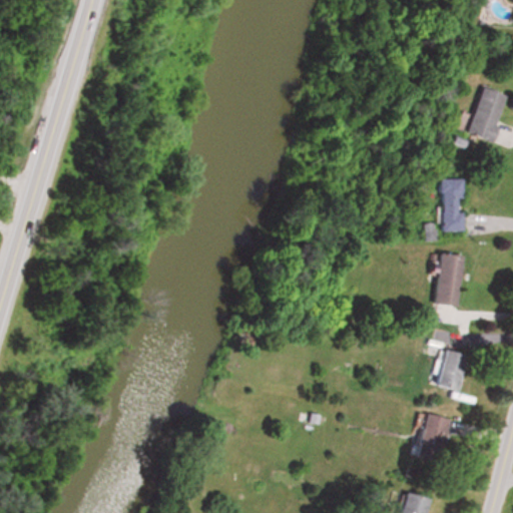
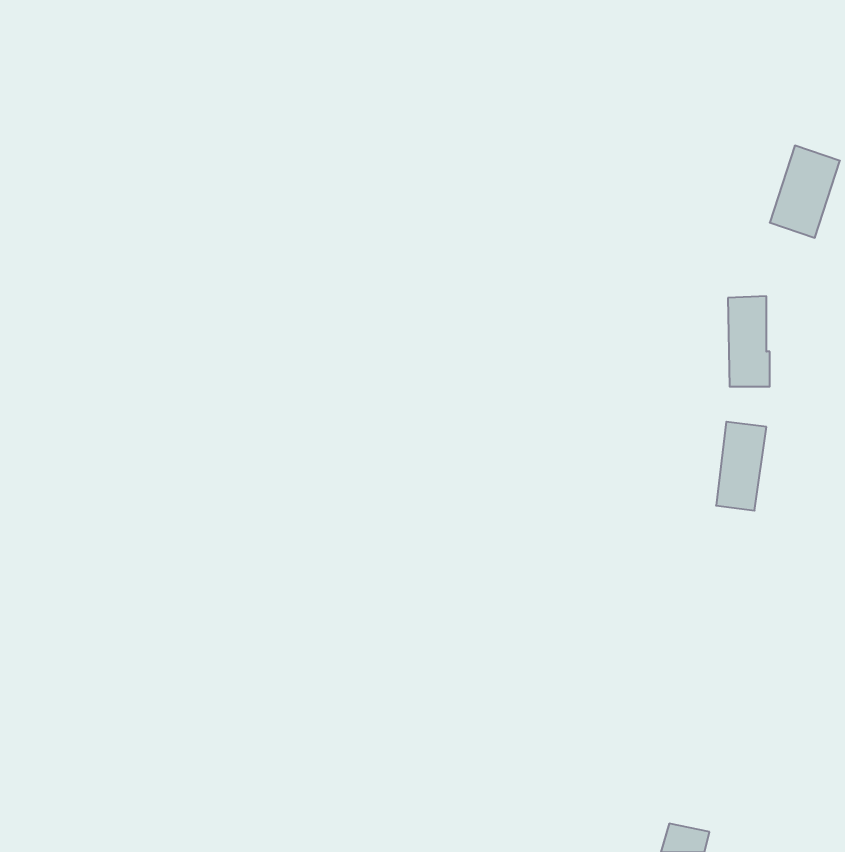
building: [437,350,469,391] -> none
building: [417,414,451,463] -> none

